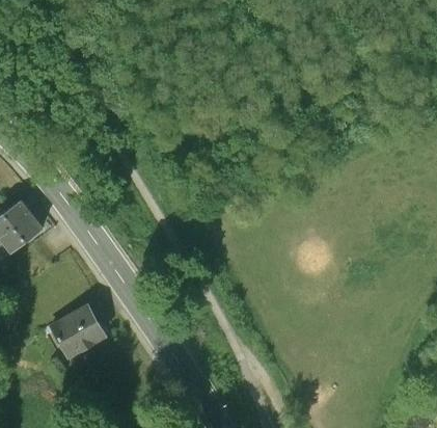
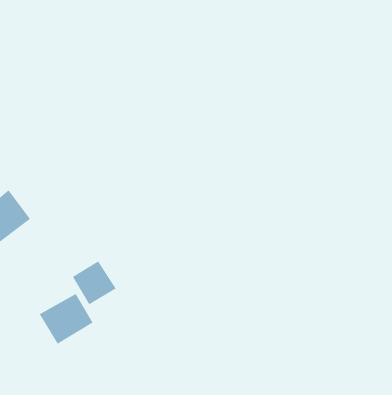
building: none -> [72,260,116,305]

